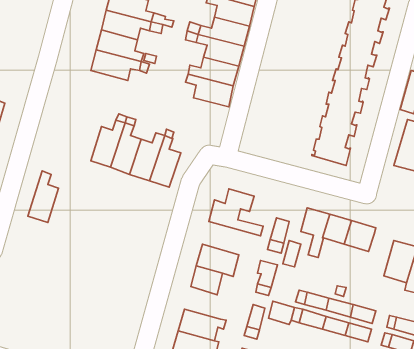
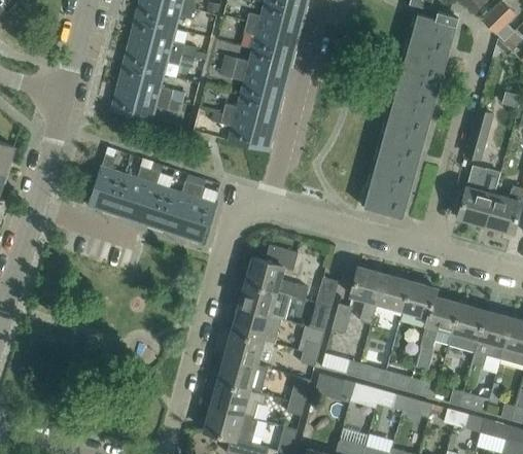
building: [28,171,59,223] -> [89,154,124,213]
building: none -> [234,282,291,321]
building: none -> [419,296,457,350]
building: none -> [218,356,267,393]

